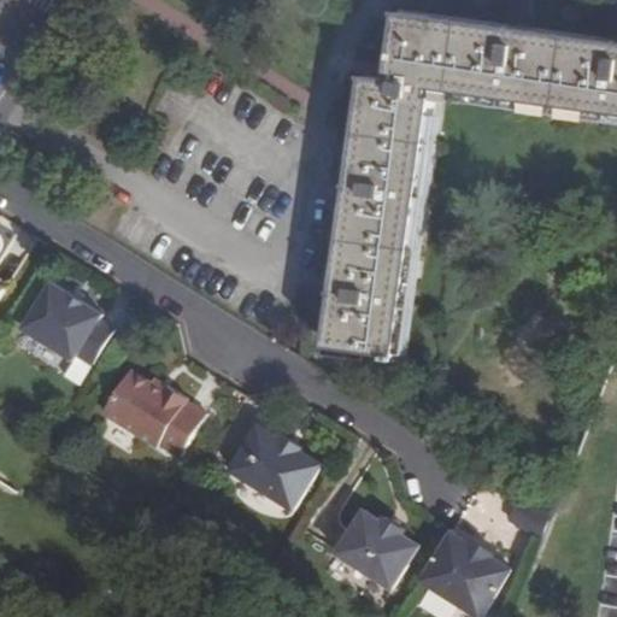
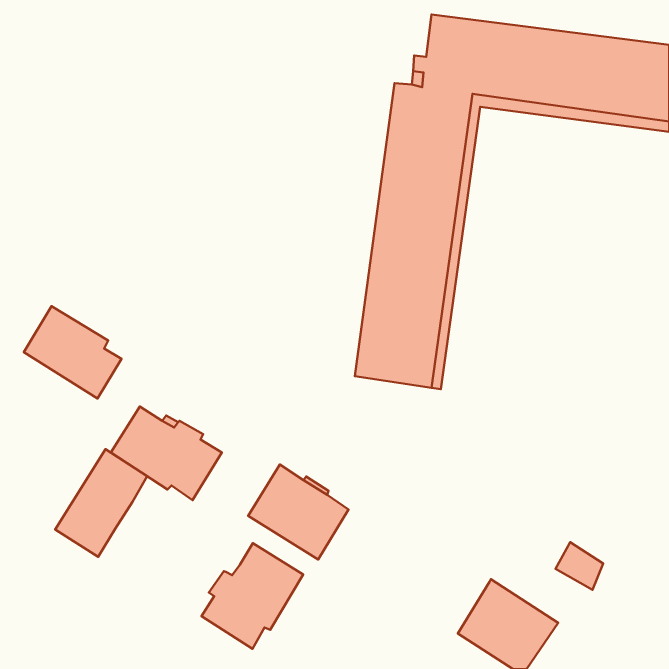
building: none -> [55,449,147,557]
building: none -> [202,543,303,649]
building: [331,511,416,590] -> none

